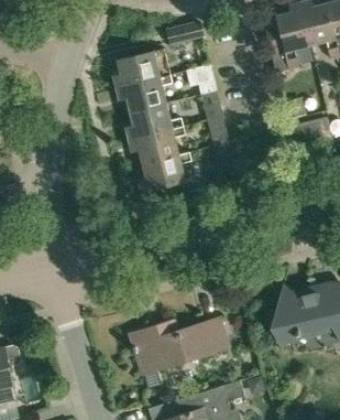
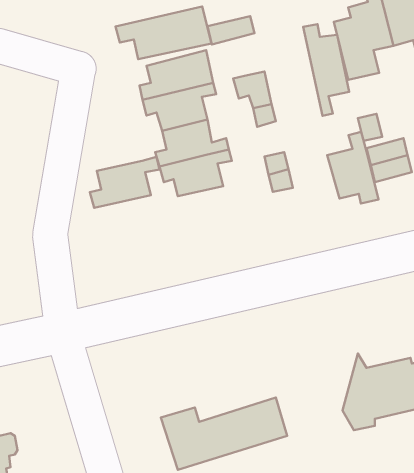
building: none -> [115,6,212,59]
building: none -> [303,24,349,116]
building: none -> [327,132,379,204]
building: [138,151,191,191] -> [90,157,159,208]

